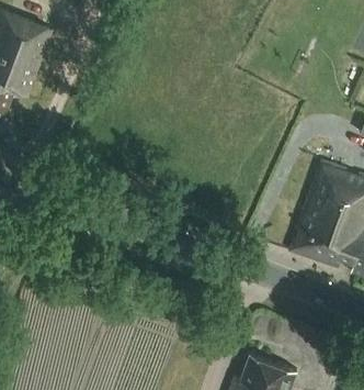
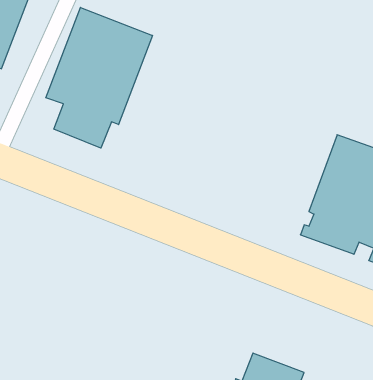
building: none -> [46,7,152,148]

